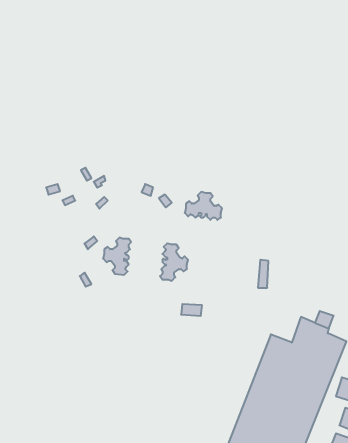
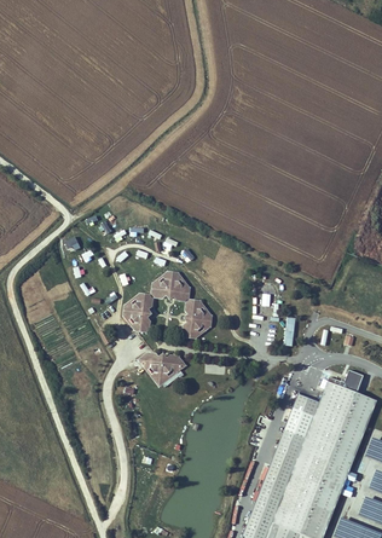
building: [185,192,222,220] -> [151,272,190,301]
building: none -> [139,353,185,387]

